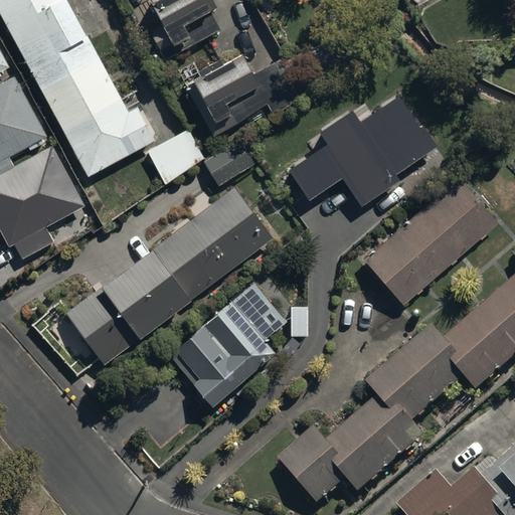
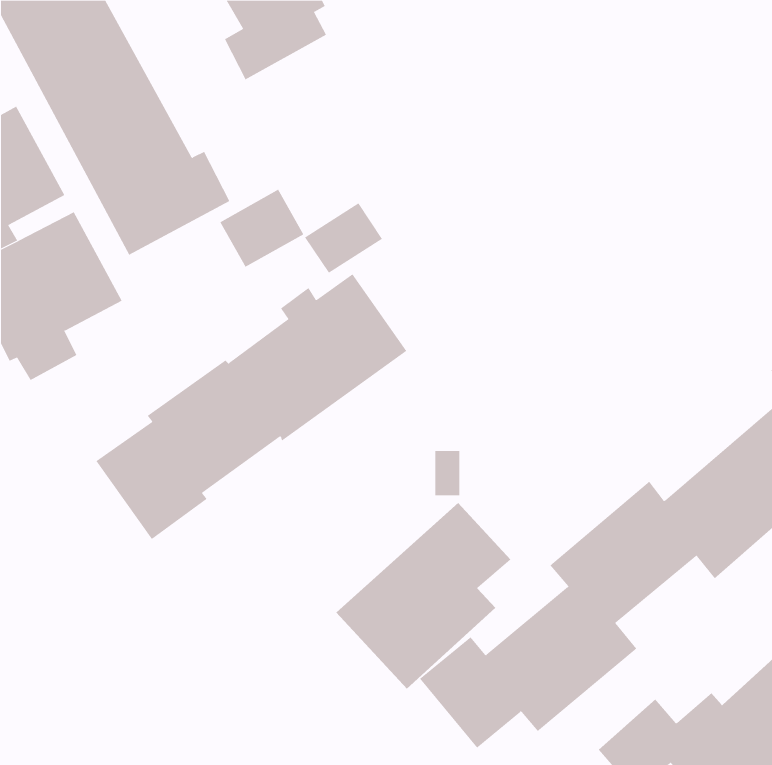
building: [178,33,304,134] -> none
building: [292,99,439,212] -> none
building: [362,175,496,303] -> none
building: [168,282,285,406] -> [336,502,511,690]

